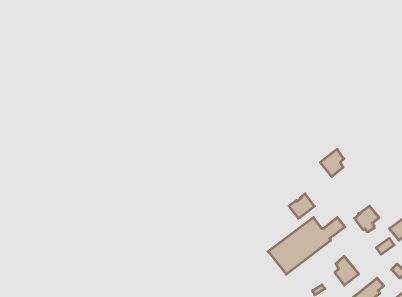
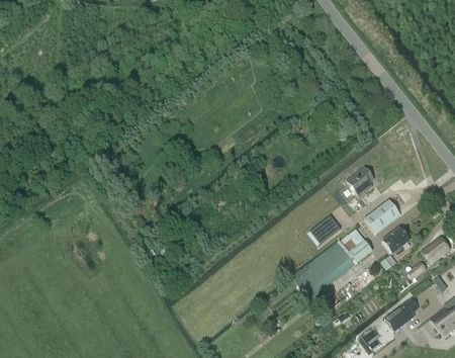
building: none -> [366,197,401,232]
building: [335,256,359,285] -> none

